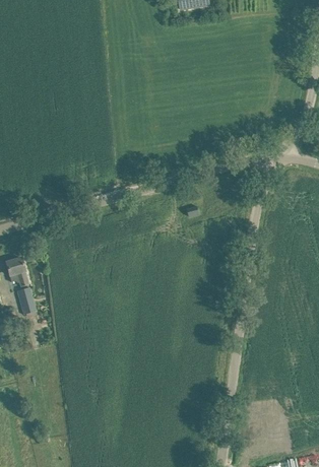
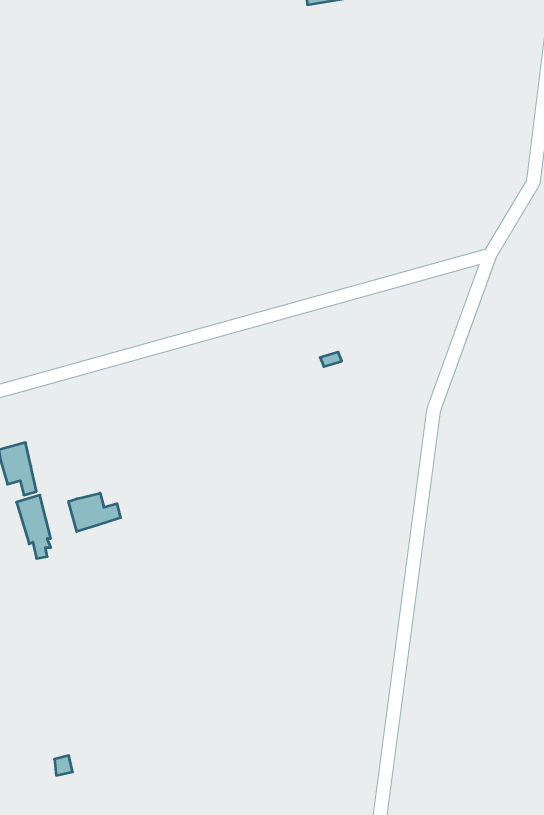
building: none -> [69,493,121,532]

